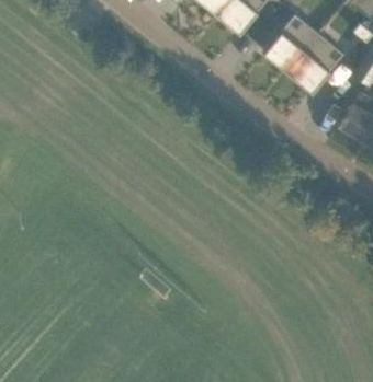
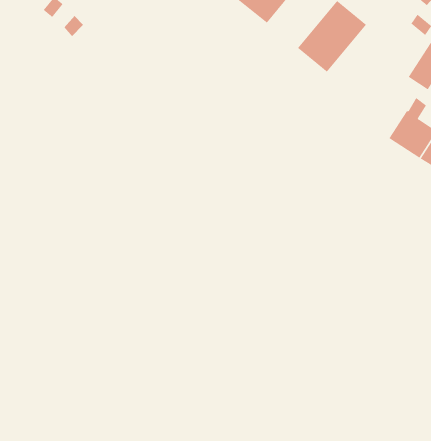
building: [287,33,343,91] -> none

